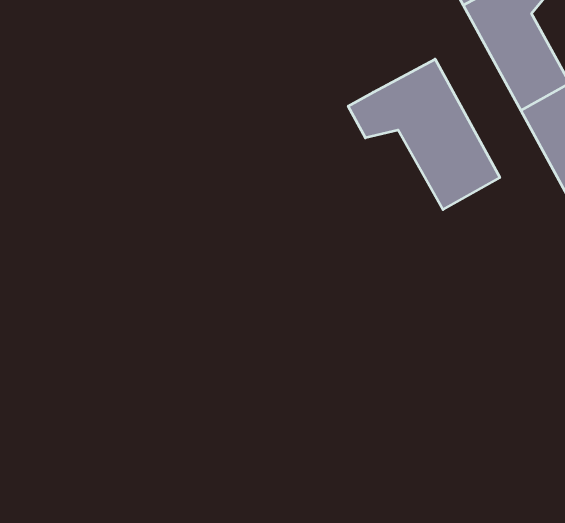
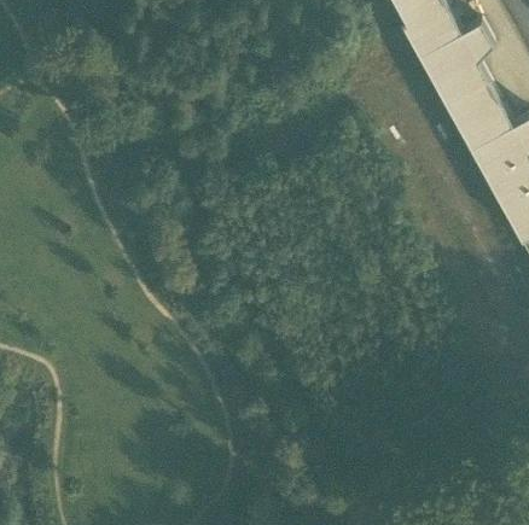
building: [348,59,500,210] -> none

